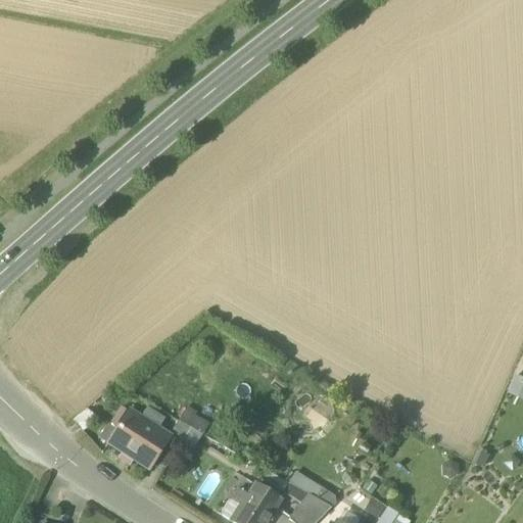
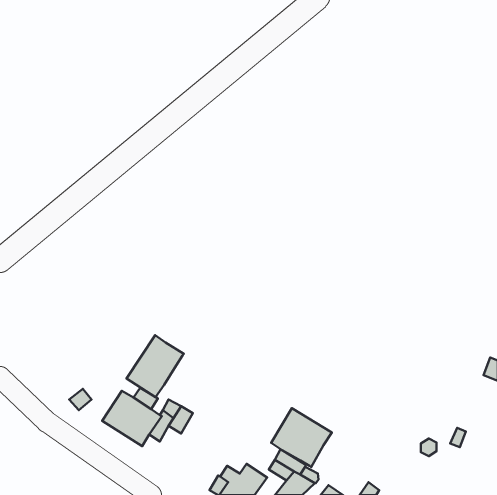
building: none -> [127,335,184,397]
building: none -> [271,408,332,467]

